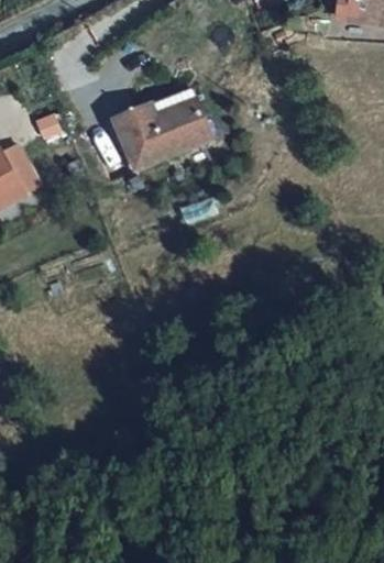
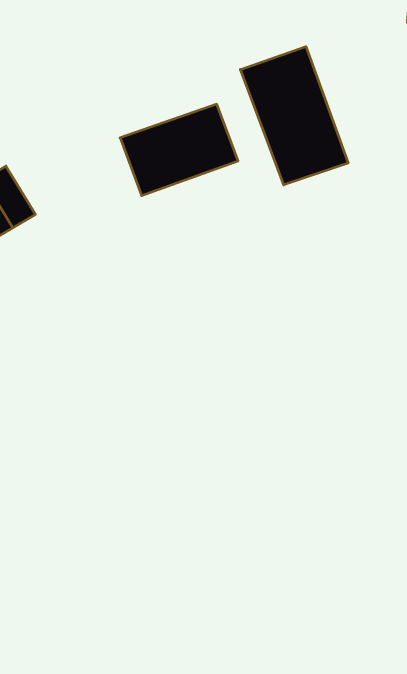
building: none -> [240,47,348,185]

